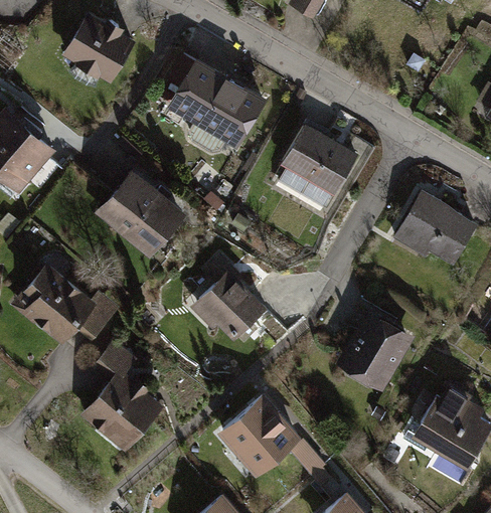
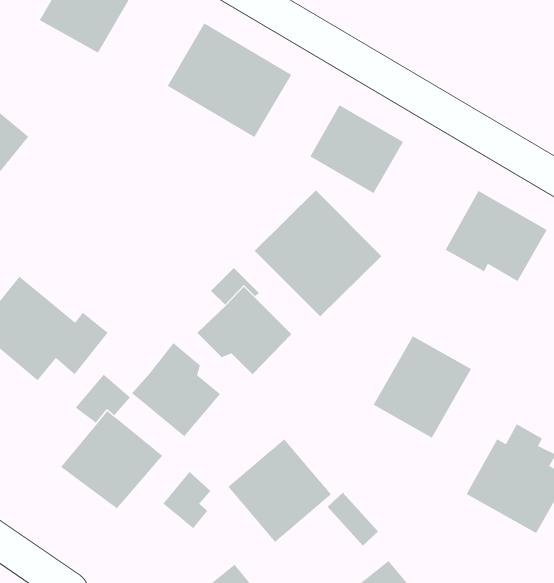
building: [96,168,187,258] -> none
building: none -> [254,190,382,317]
building: none -> [131,342,221,437]
building: none -> [162,471,211,529]

